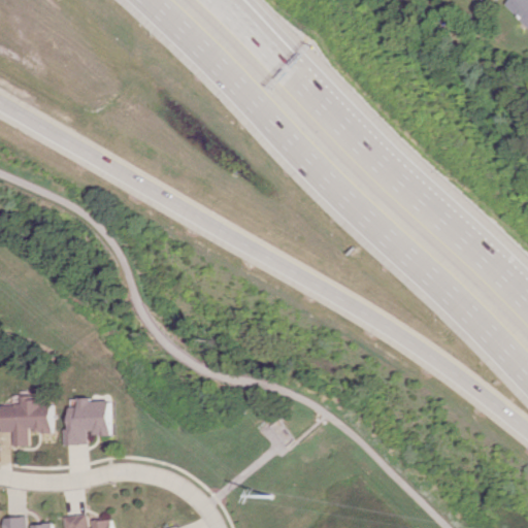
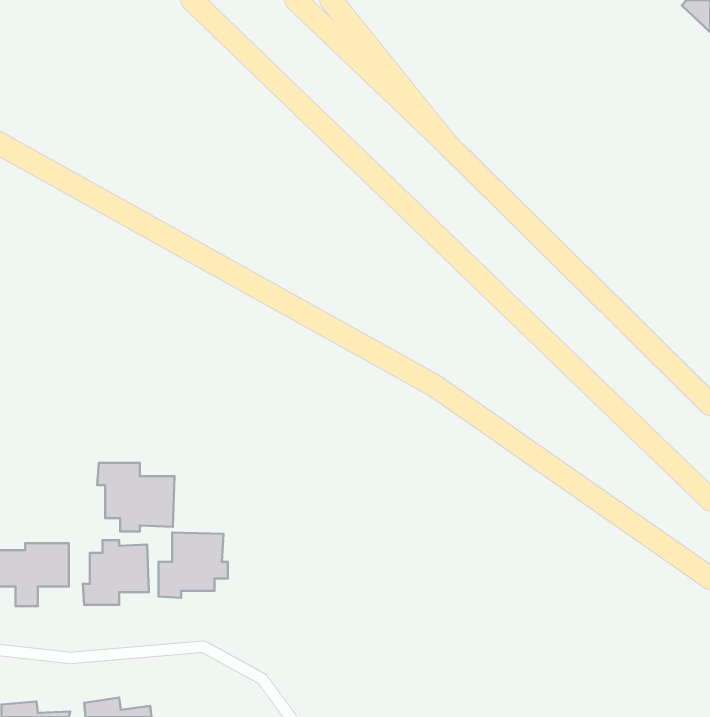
building: none -> [97,463,174,531]
building: none -> [159,532,228,598]

